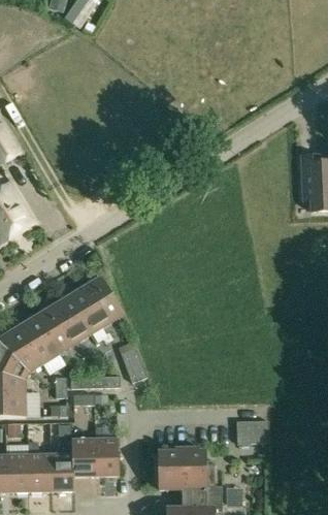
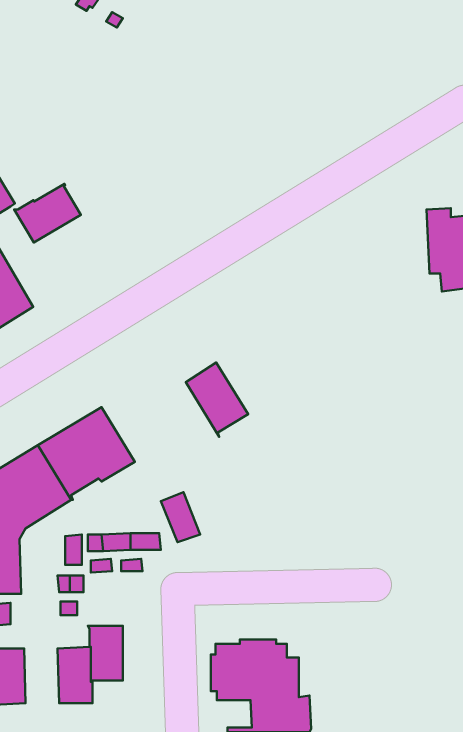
building: none -> [14,184,81,242]
building: [79,277,122,327] -> [186,362,248,437]
building: [235,420,268,443] -> none
building: [94,439,118,476] -> none
building: [27,441,51,491] -> none

